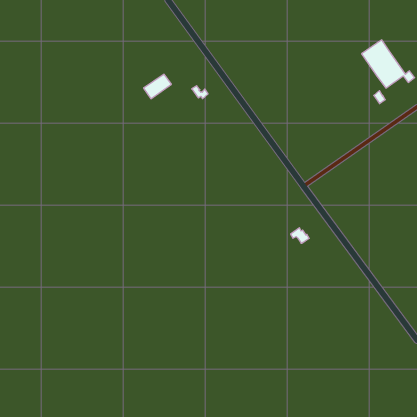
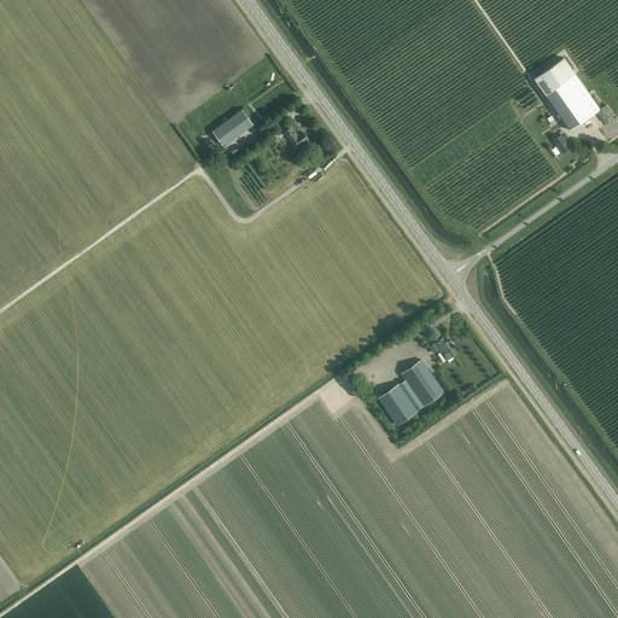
building: none -> [379,360,443,424]

